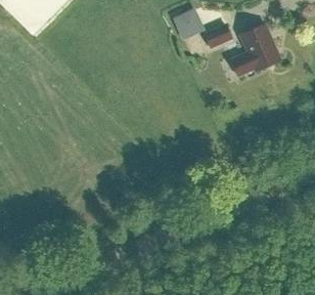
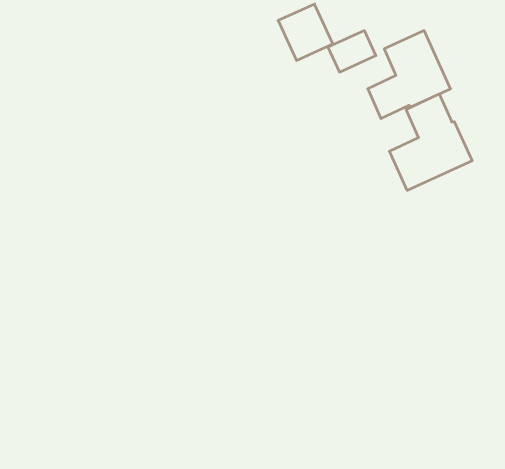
building: none -> [389,94,472,190]

